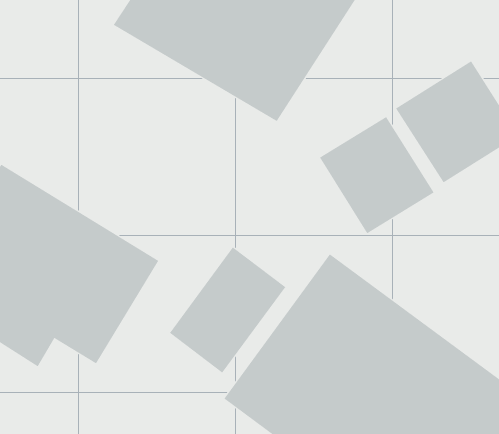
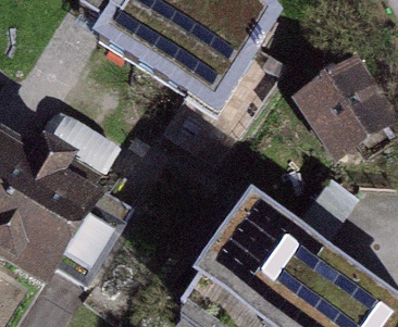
building: [319,116,434,234] -> none
building: [169,246,286,373] -> none

